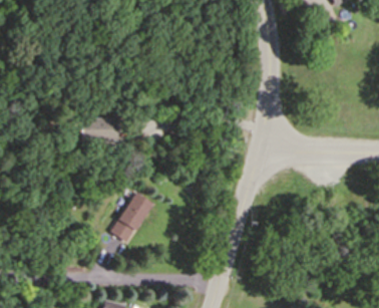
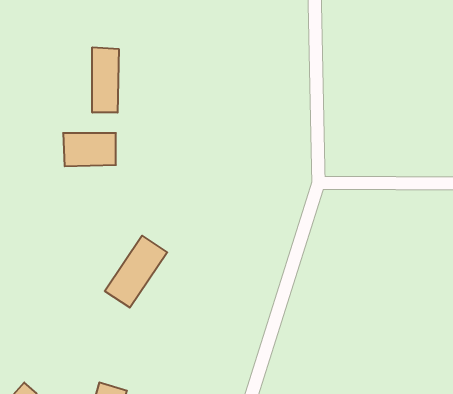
building: none -> [92,47,119,113]

